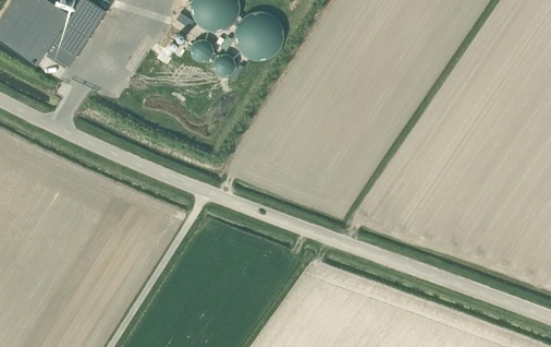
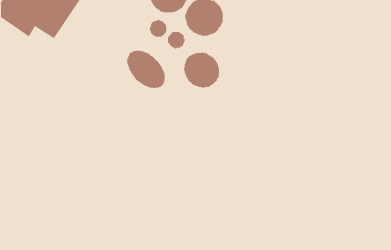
building: none -> [126,50,166,89]
building: none -> [183,52,220,89]

